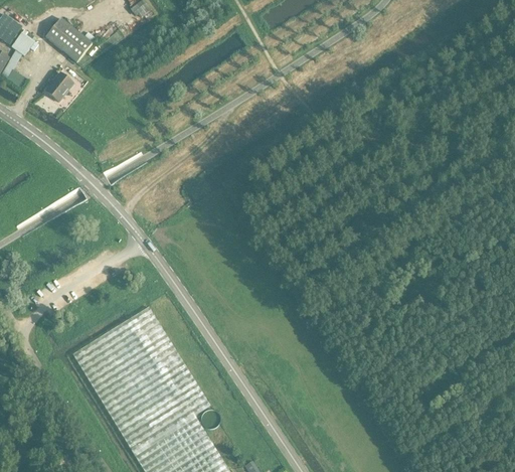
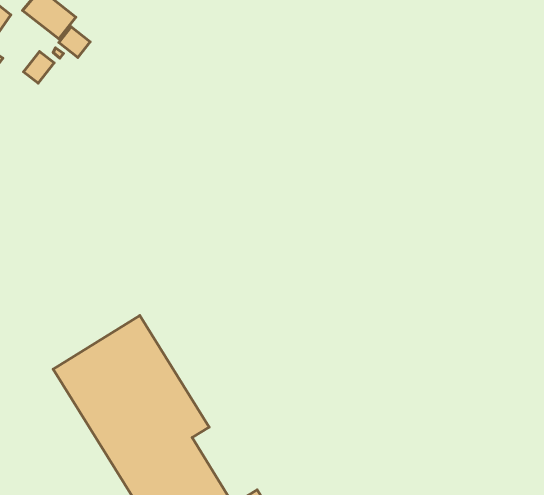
building: none -> [59,27,90,58]

